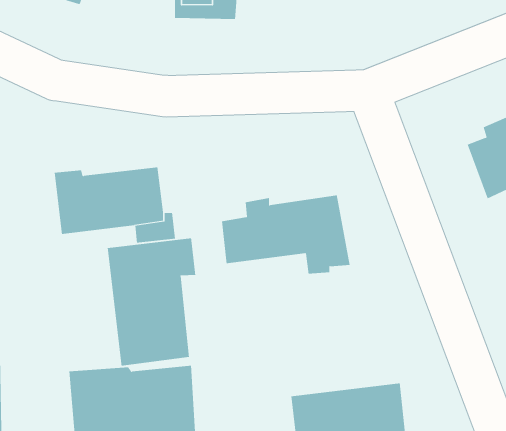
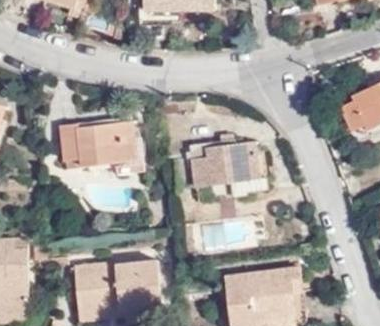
building: [107,237,196,367] -> none

